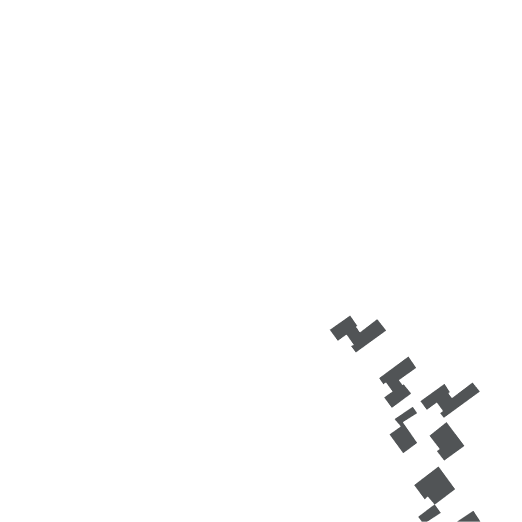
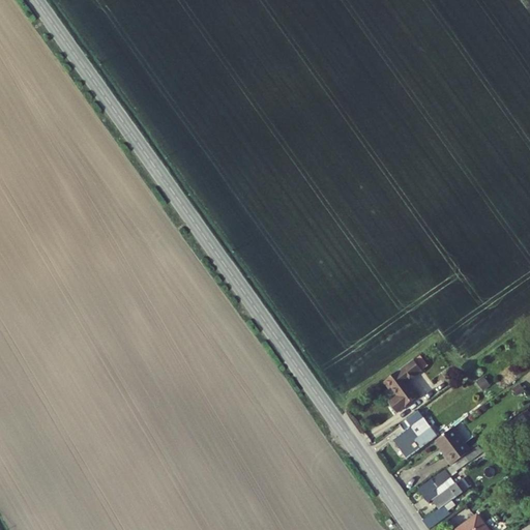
building: [329,314,387,354] -> none
building: [419,382,481,419] -> none

